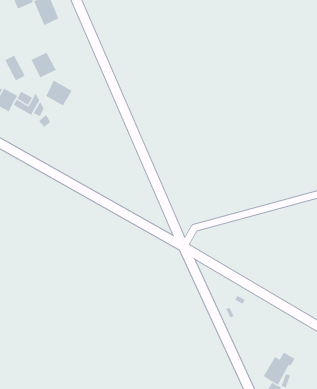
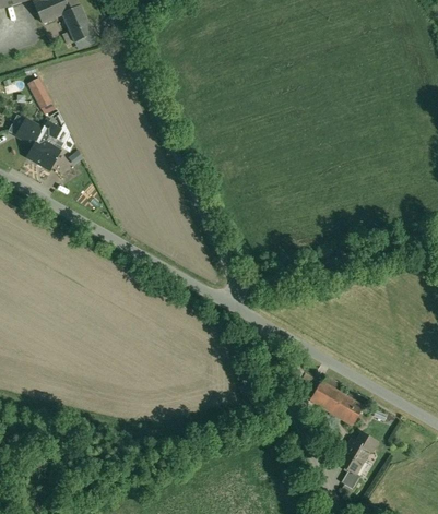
building: [30,51,57,78] -> none
building: [45,80,73,106] -> [27,138,60,169]
building: none -> [310,381,364,425]

